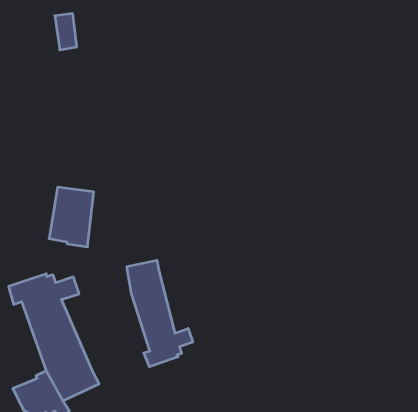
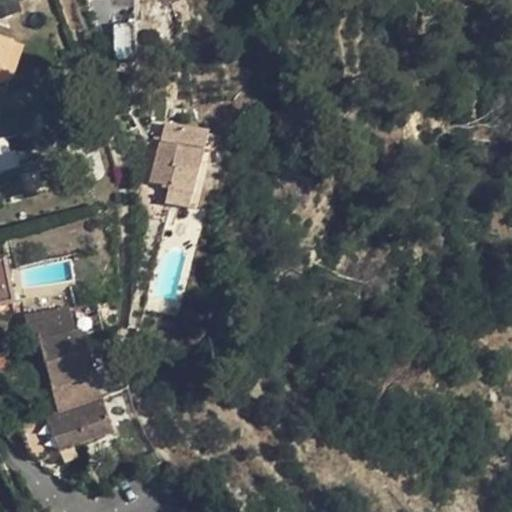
building: [49,187,94,247] -> [150,124,205,193]
building: [127,260,193,367] -> none

